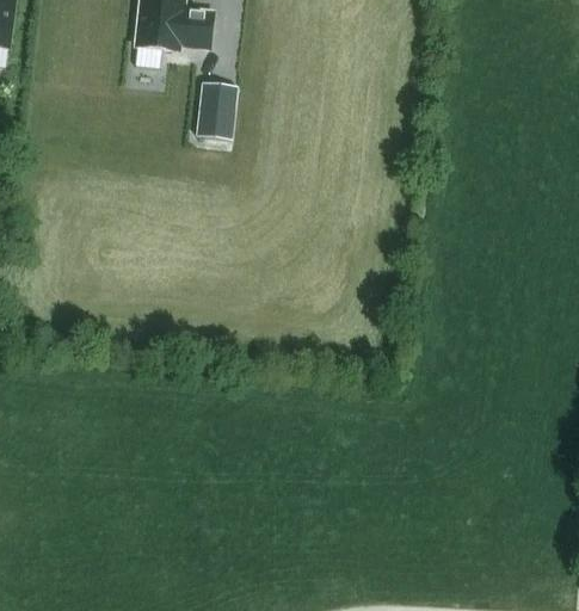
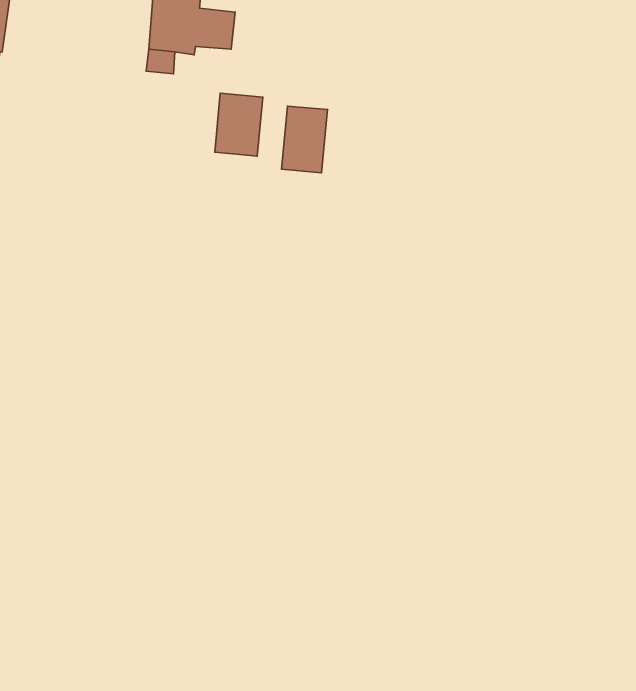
building: none -> [282,106,327,173]

